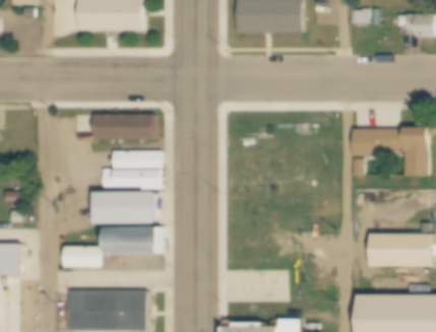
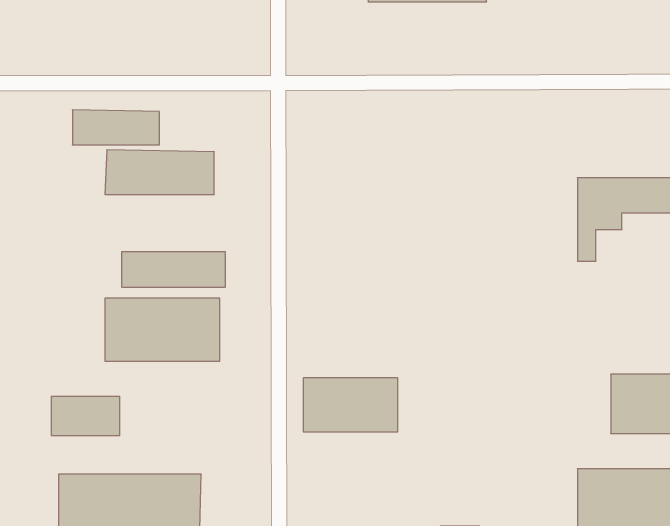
building: [112,149,160,169] -> [72,110,159,145]
building: [105,228,157,258] -> [303,378,398,432]

